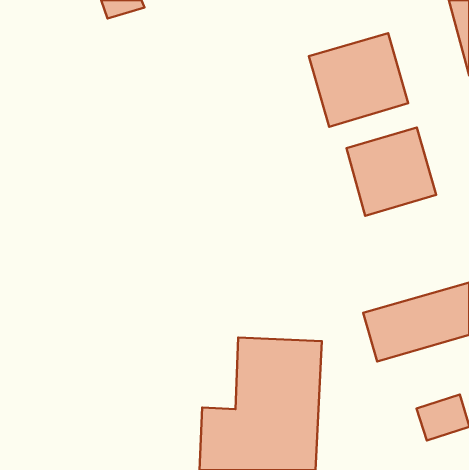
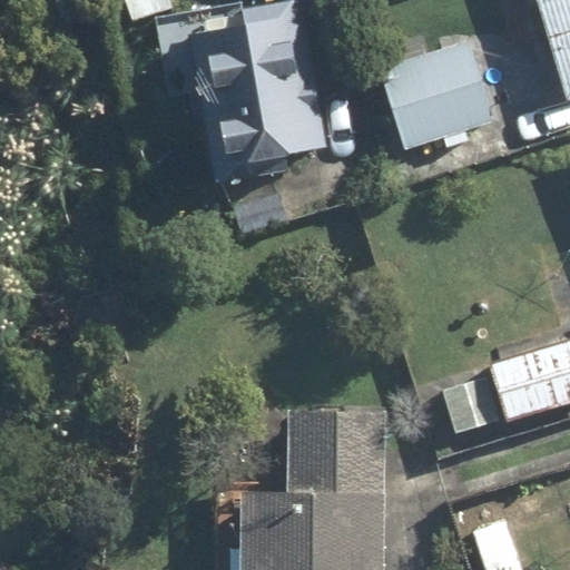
building: none -> [190,8,325,163]
building: [347,128,436,216] -> none

